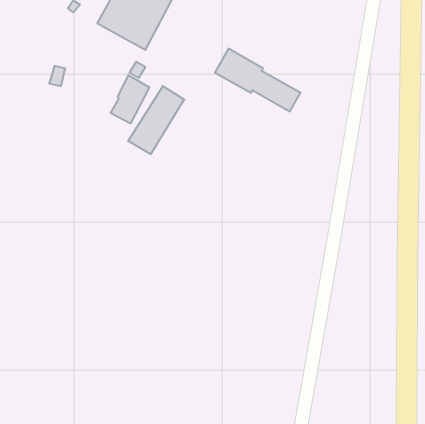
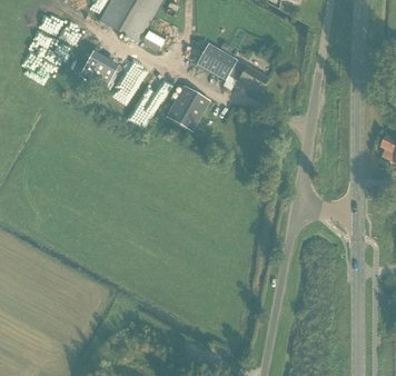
building: none -> [80,53,117,87]
building: none -> [166,86,209,131]

